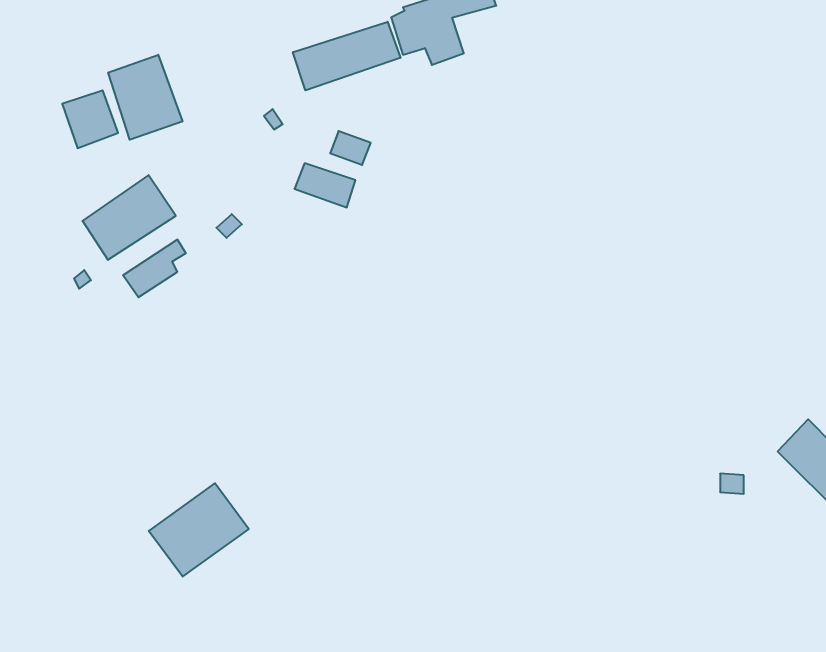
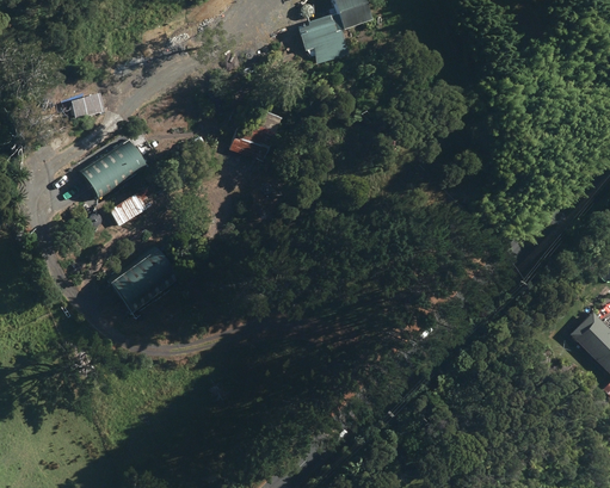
building: [293,22,400,90] -> none
building: [108,55,182,140] -> none
building: [149,483,249,577] -> [107,247,178,313]

